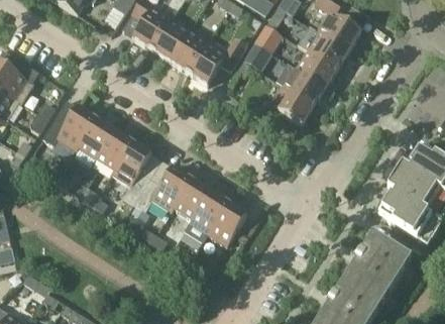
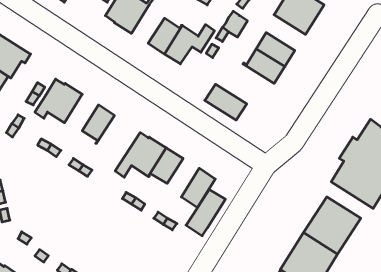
building: [151,17,189,61] -> none
building: [304,28,348,69] -> none
building: [265,84,313,124] -> [205,84,247,120]
building: [76,118,114,159] -> none
building: [112,142,161,205] -> none
building: [184,191,228,243] -> [186,189,225,236]

